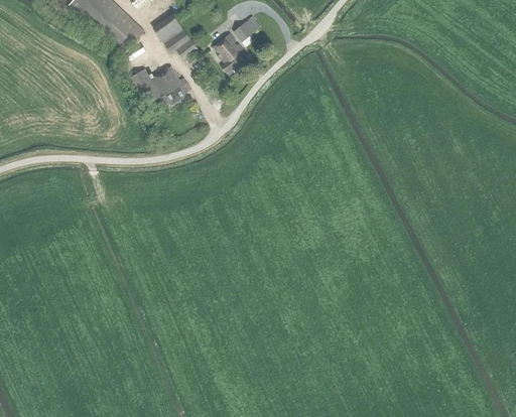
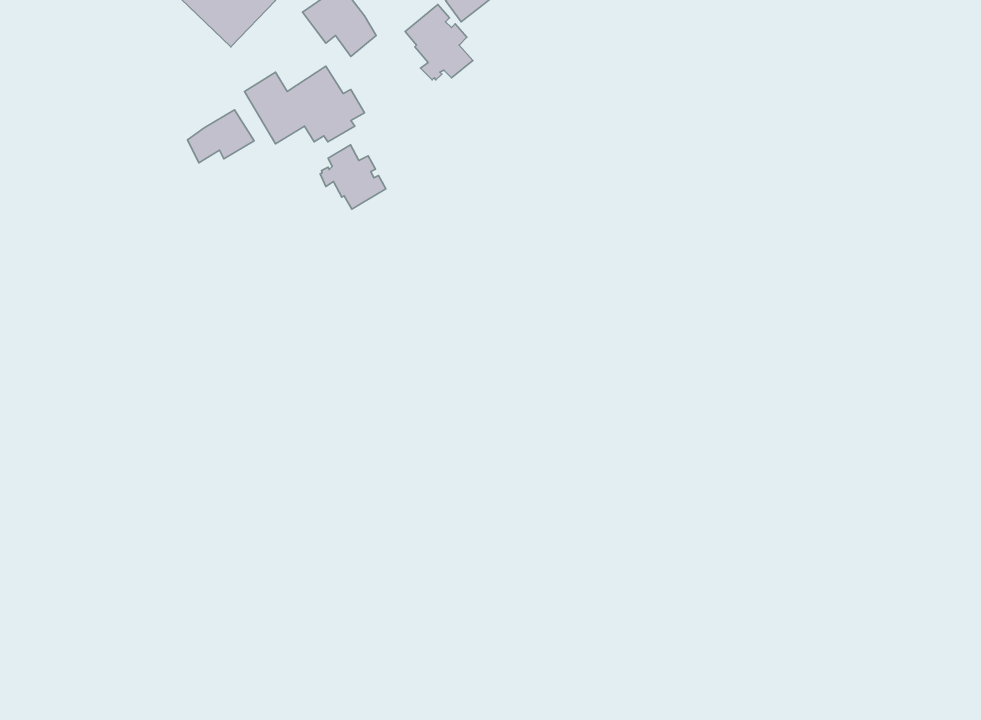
building: none -> [187,110,254,163]
building: none -> [320,145,386,209]

